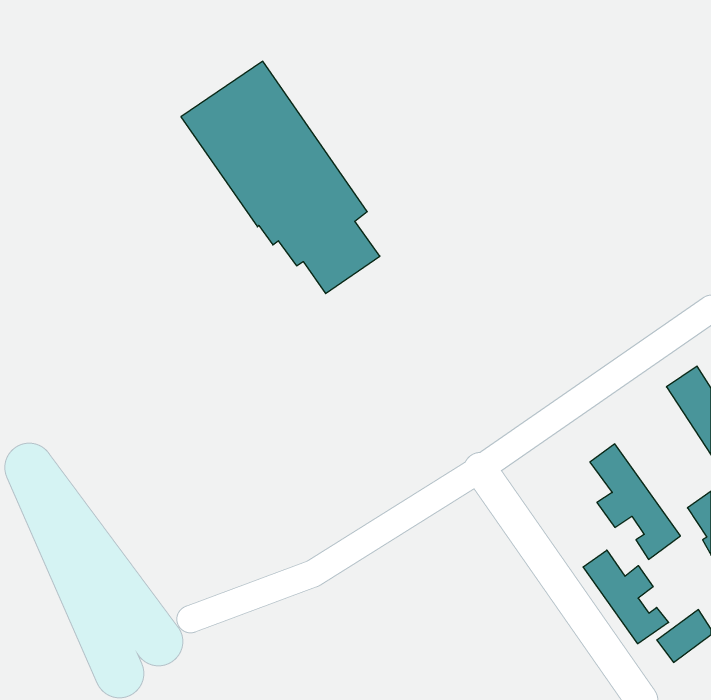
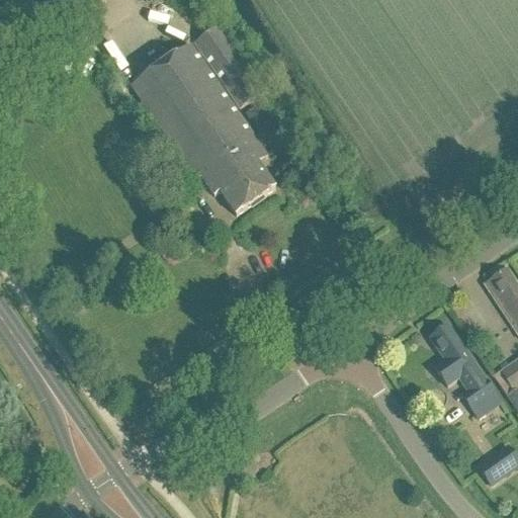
building: none -> [192,23,257,106]
building: [583,550,669,644] -> none

